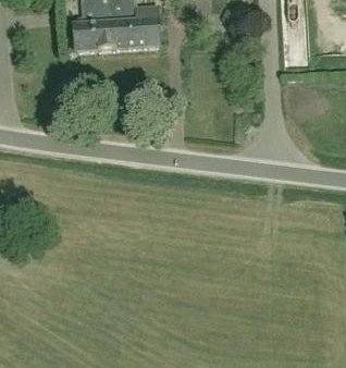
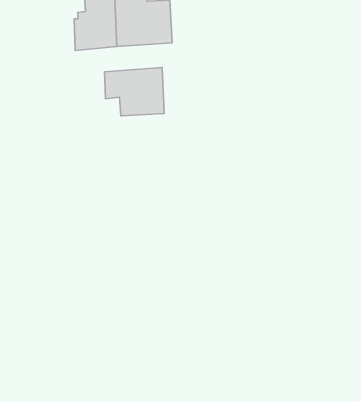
building: none -> [105,68,164,116]

